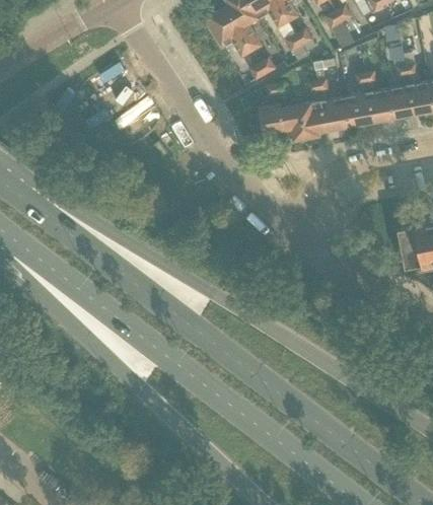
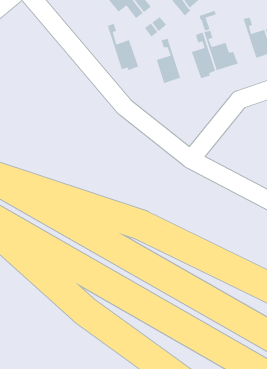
building: [344,74,375,126] -> none
building: [277,83,308,141] -> [107,23,139,71]

